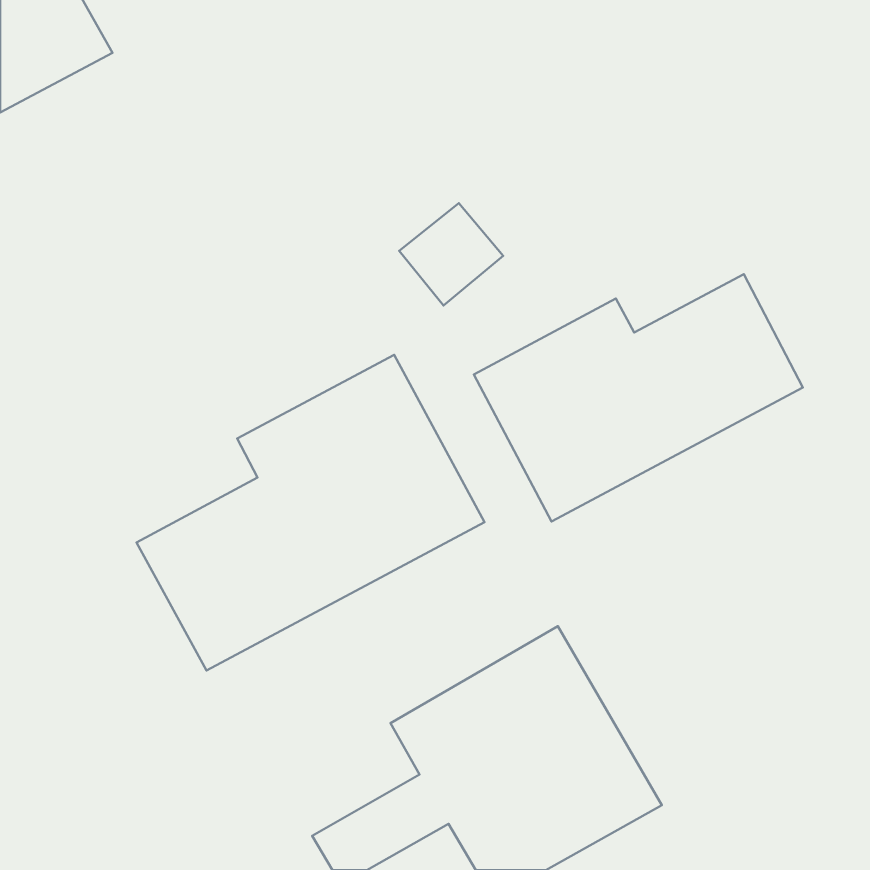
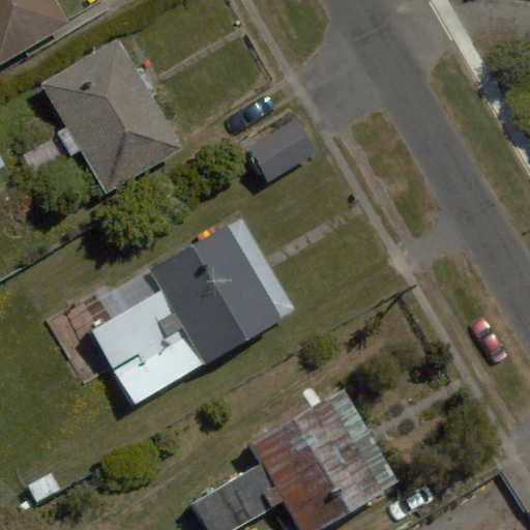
building: none -> [39,41,183,192]
building: [474,274,803,522] -> none

